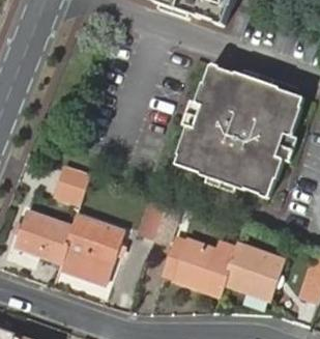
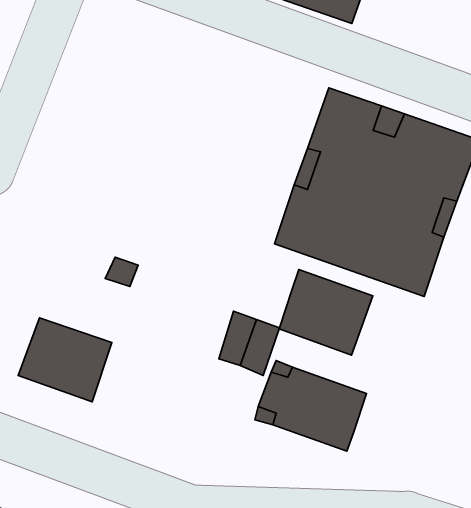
building: [58,214,123,282] -> none
building: [225,245,284,299] -> [279,270,373,355]

